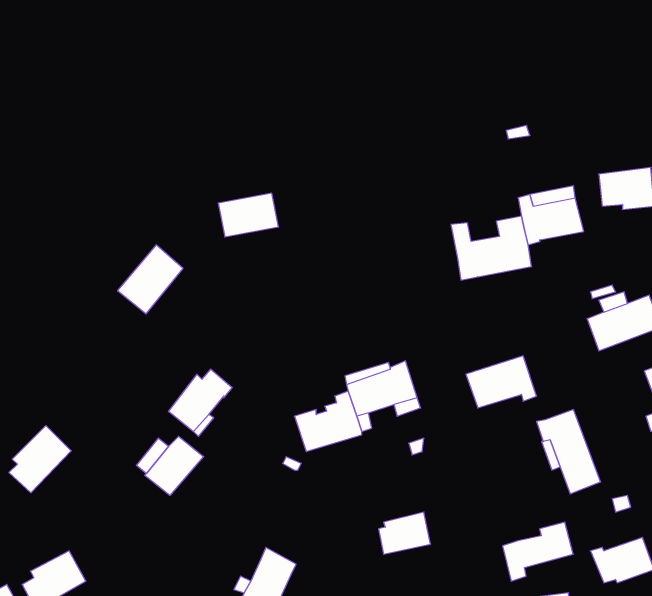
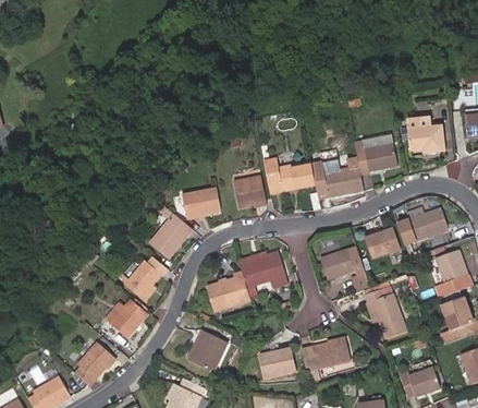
building: [218,193,279,237] -> [182,190,221,218]
building: none -> [260,159,312,192]
building: none -> [231,176,263,207]
building: [118,245,183,314] -> [148,216,191,261]
building: none -> [363,229,399,260]
building: [9,426,71,493] -> [77,341,118,385]
building: none -> [188,331,228,373]
building: [503,522,573,581] -> [303,338,348,376]

